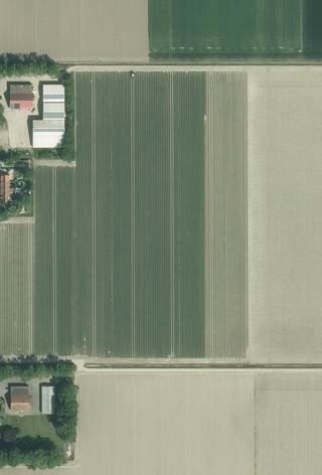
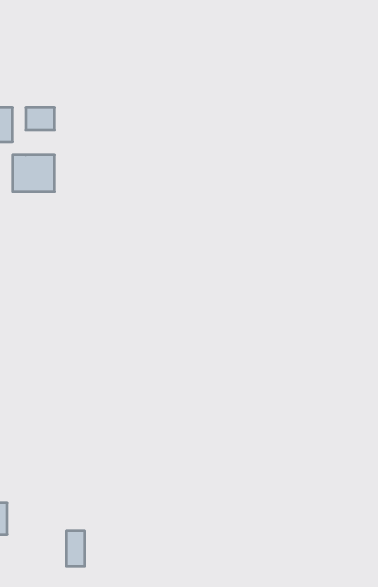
building: [41,101,63,120] -> none
building: [40,386,54,414] -> [66,531,85,566]

